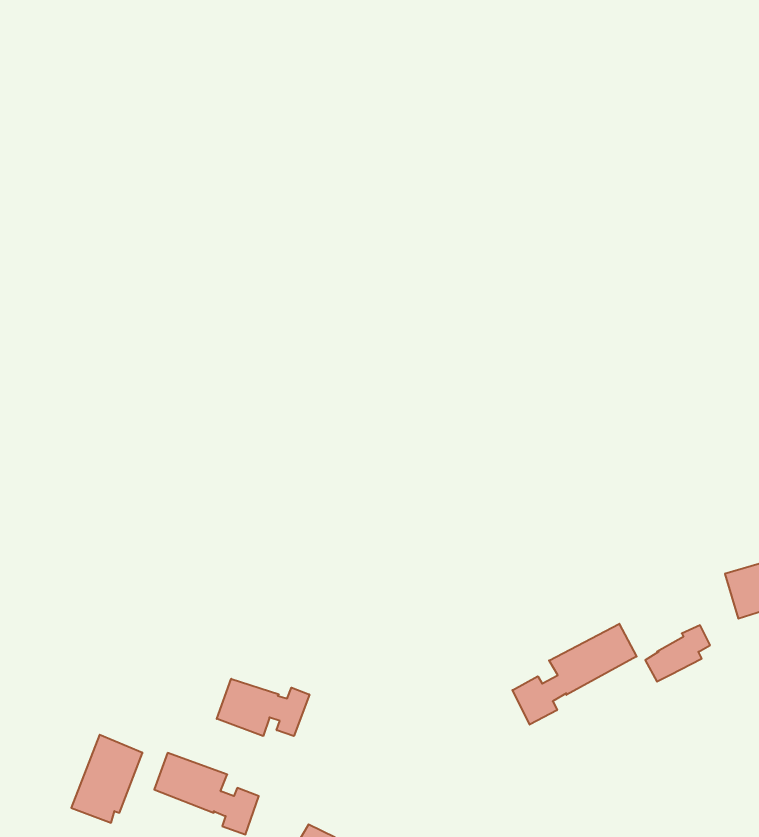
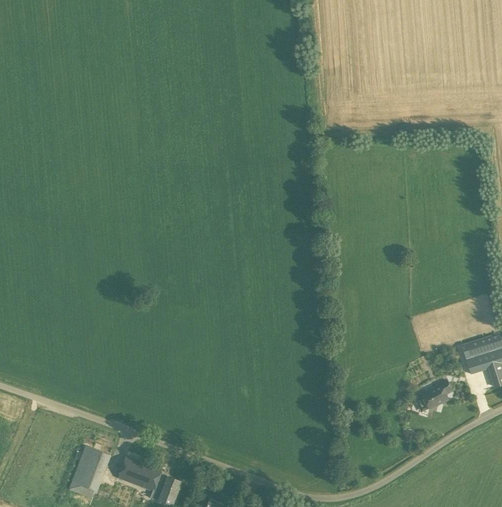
building: [512,624,637,725] -> none
building: [217,679,309,736] -> none

